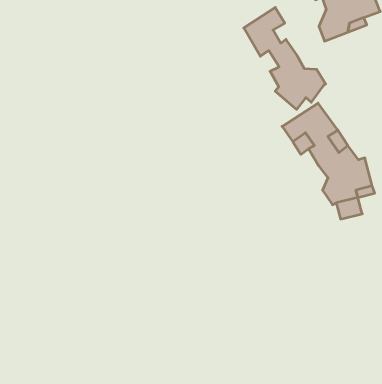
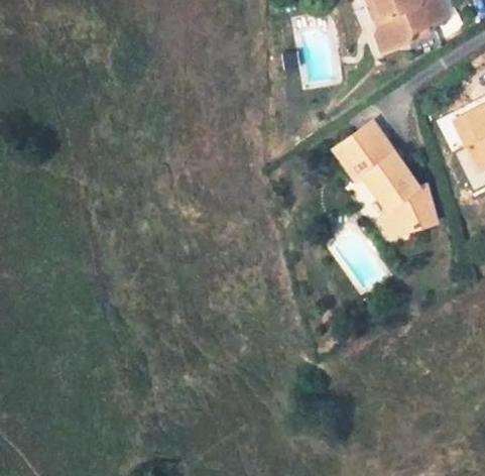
building: [244,7,326,109] -> none

